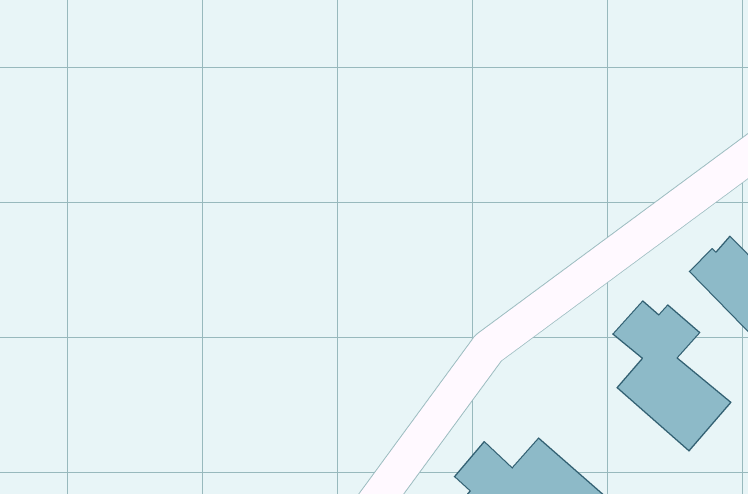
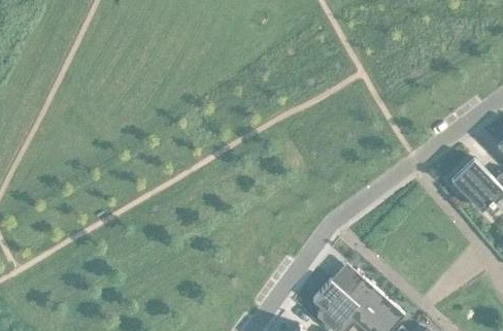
building: [613,301,731,451] -> none

